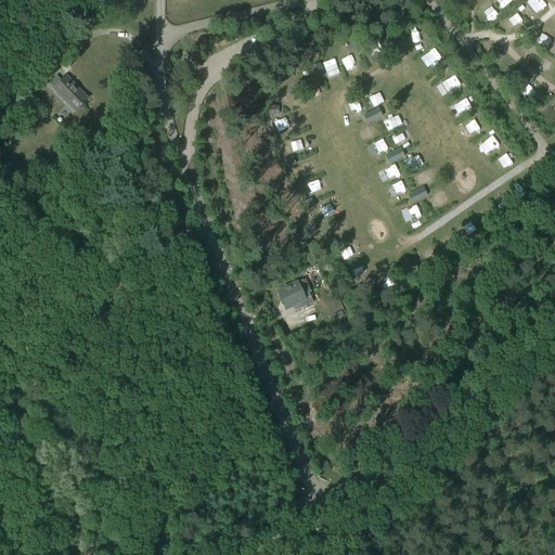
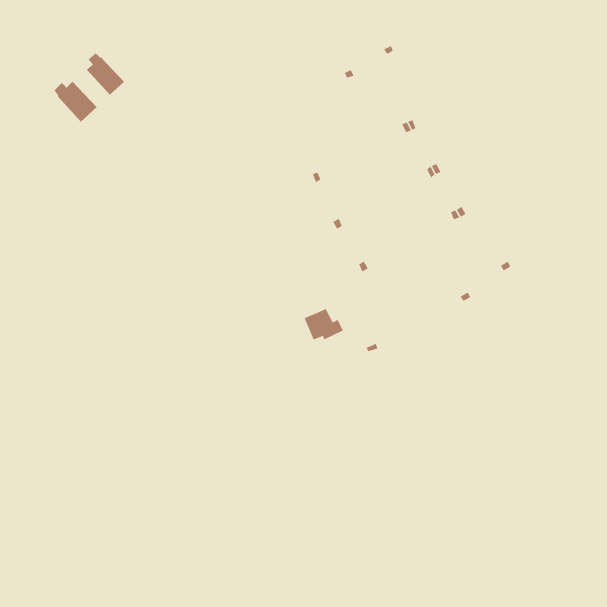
building: none -> [86,53,125,96]

